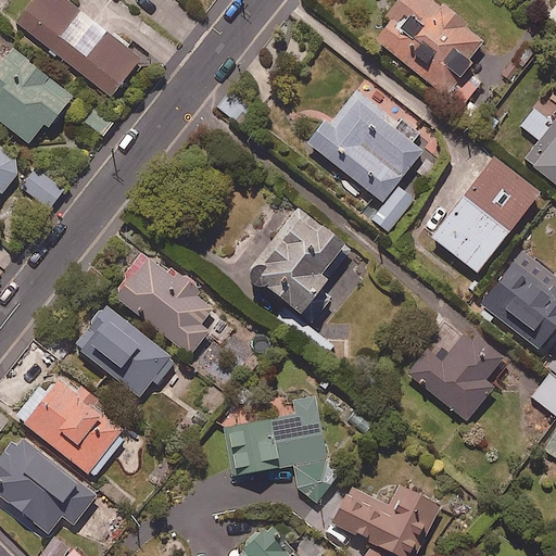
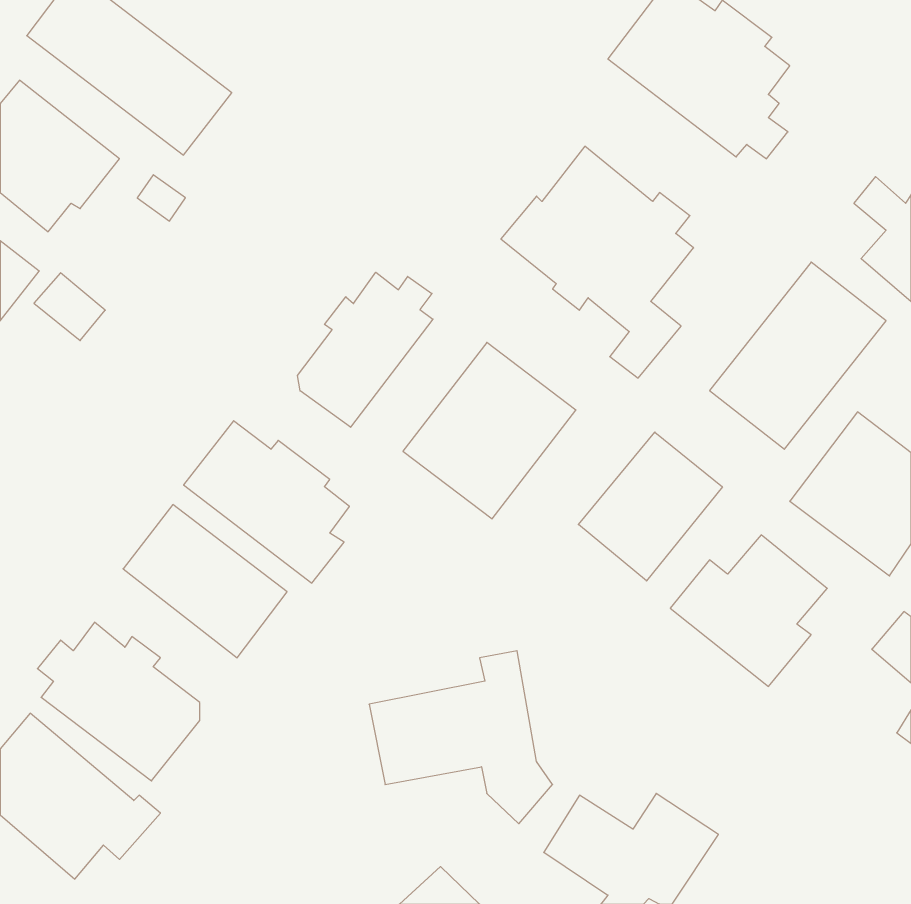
building: none -> [297,272,433,427]
building: none -> [578,432,722,581]

